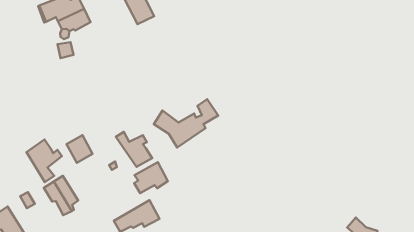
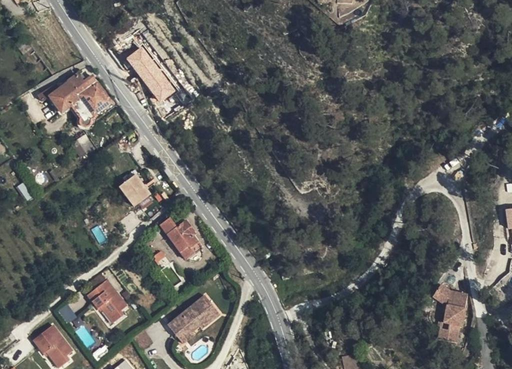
building: [154,99,218,148] -> none
building: [67,135,93,163] -> [115,178,146,210]
building: [27,140,62,182] -> none
building: [134,162,168,193] -> none

